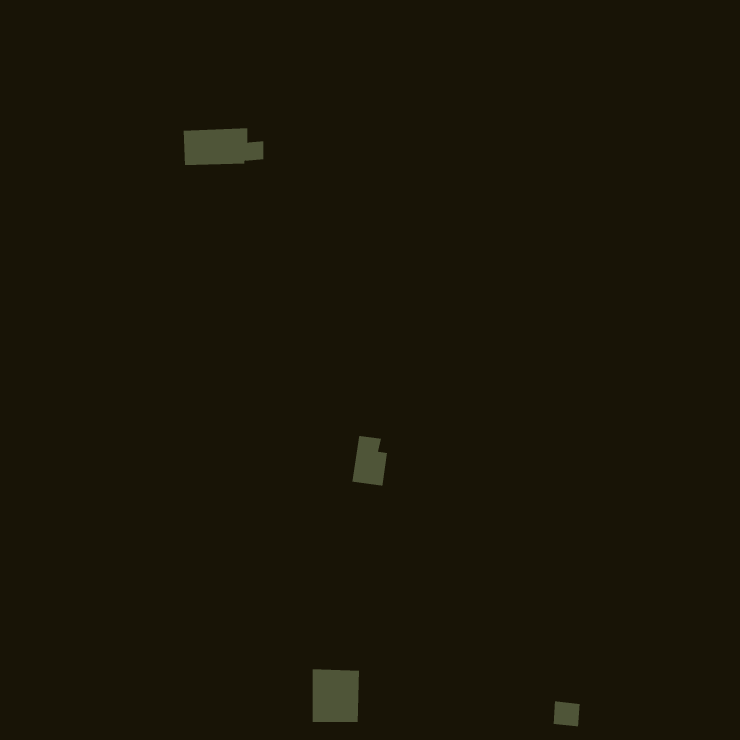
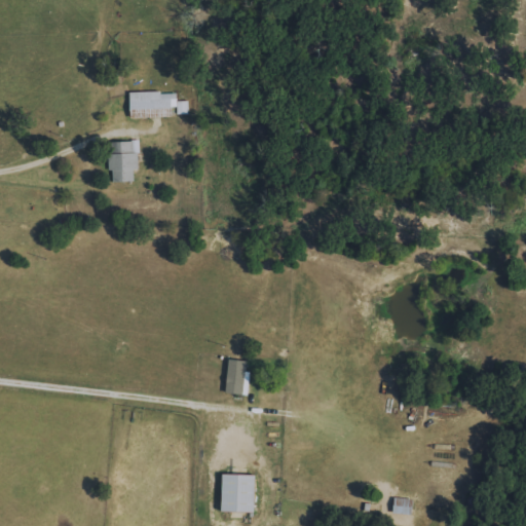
building: none -> [108,140,138,181]
building: [351,435,388,486] -> [224,359,250,394]

